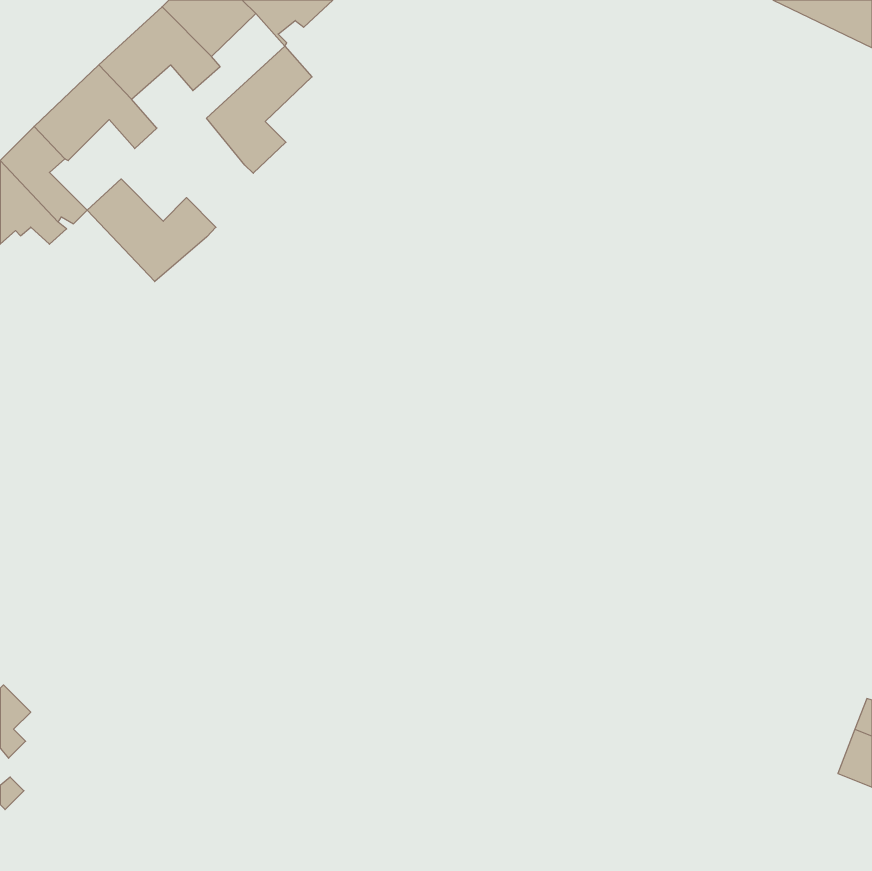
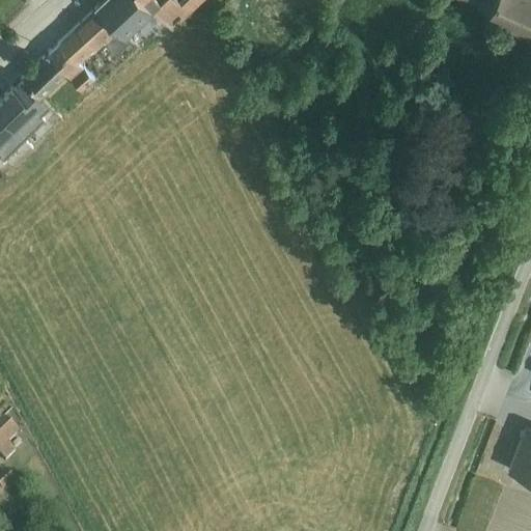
building: [207,46,312,173] -> none
building: [87,179,216,282] -> none

